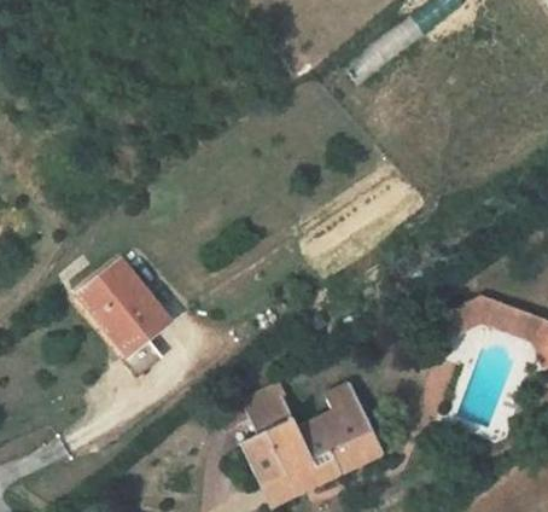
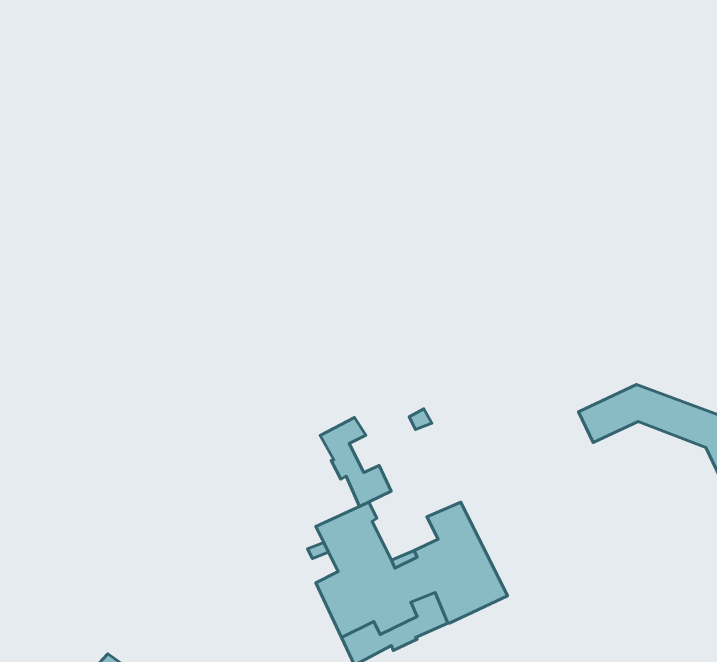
building: [80,261,170,379] -> none
building: none -> [320,418,391,507]

